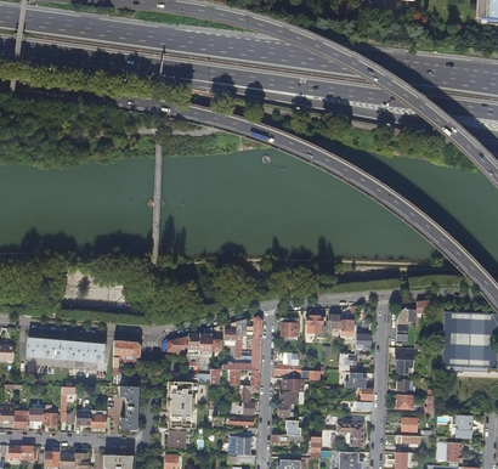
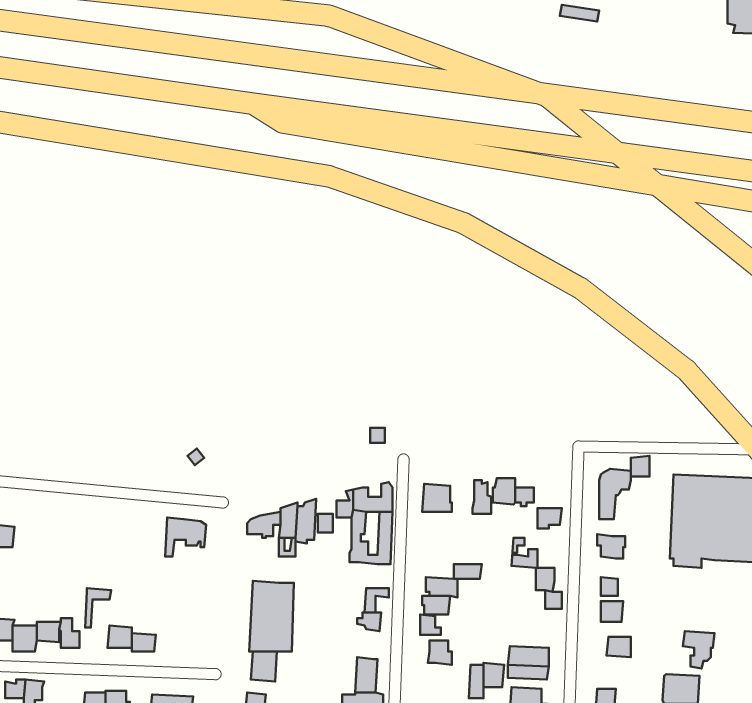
building: [27,337,104,361] -> none
building: [119,385,138,428] -> none

